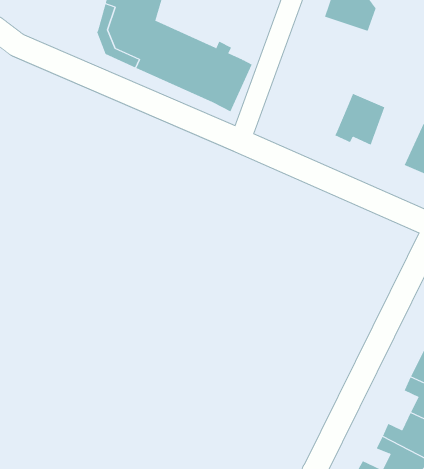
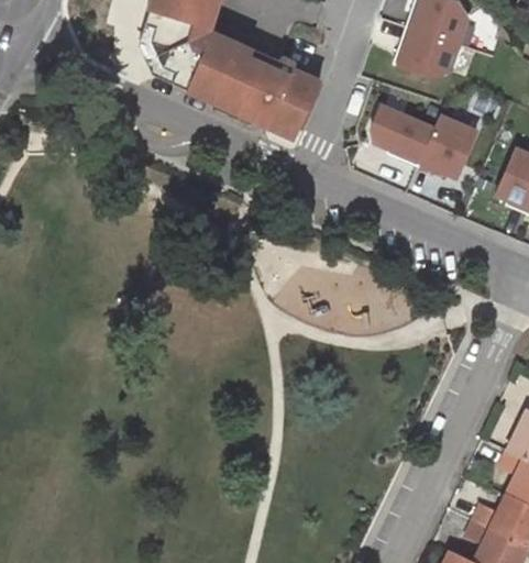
building: none -> [394,25,458,75]
building: none -> [372,106,433,163]

